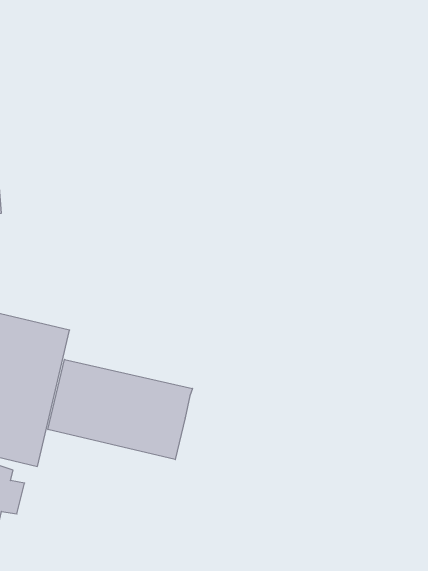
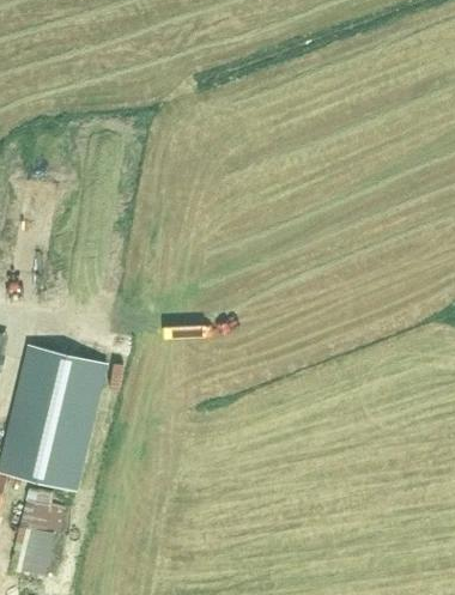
building: [48,359,192,460] -> none

